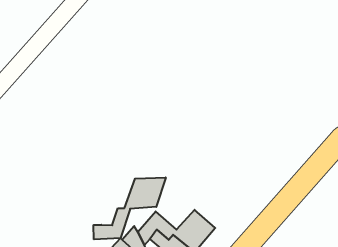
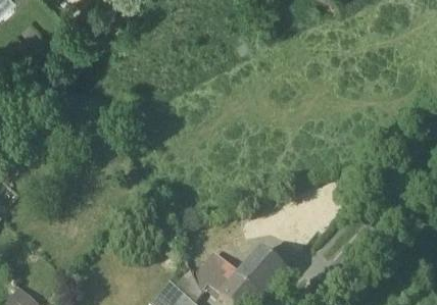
building: [94,177,166,239] -> none

